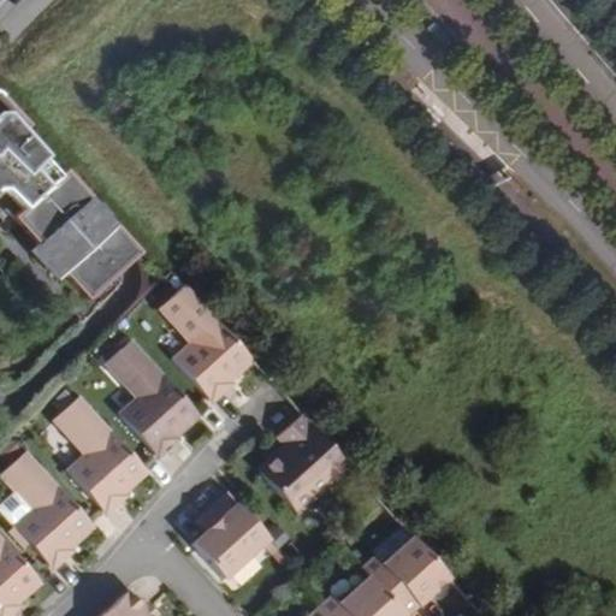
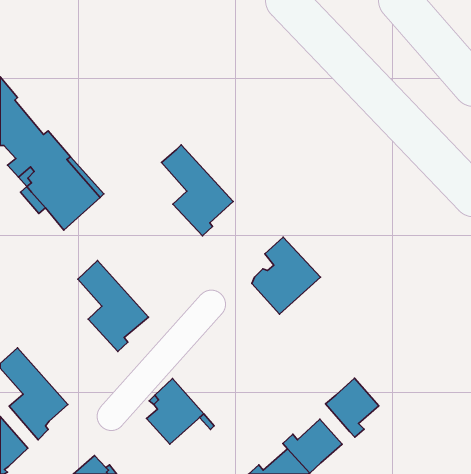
building: [159,284,251,402] -> [162,145,233,236]
building: [54,396,147,513] -> none
building: [259,413,348,513] -> [252,237,320,314]
building: none -> [326,378,379,437]

